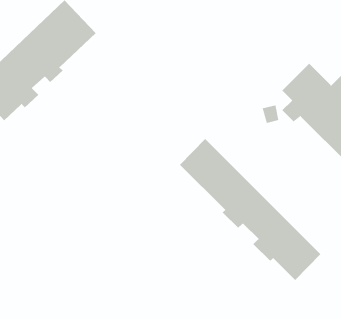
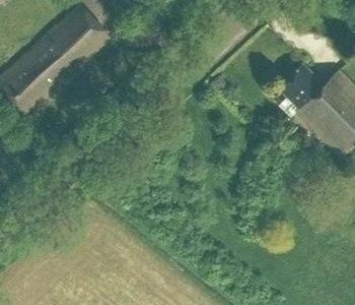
building: [179,138,321,281] -> none

